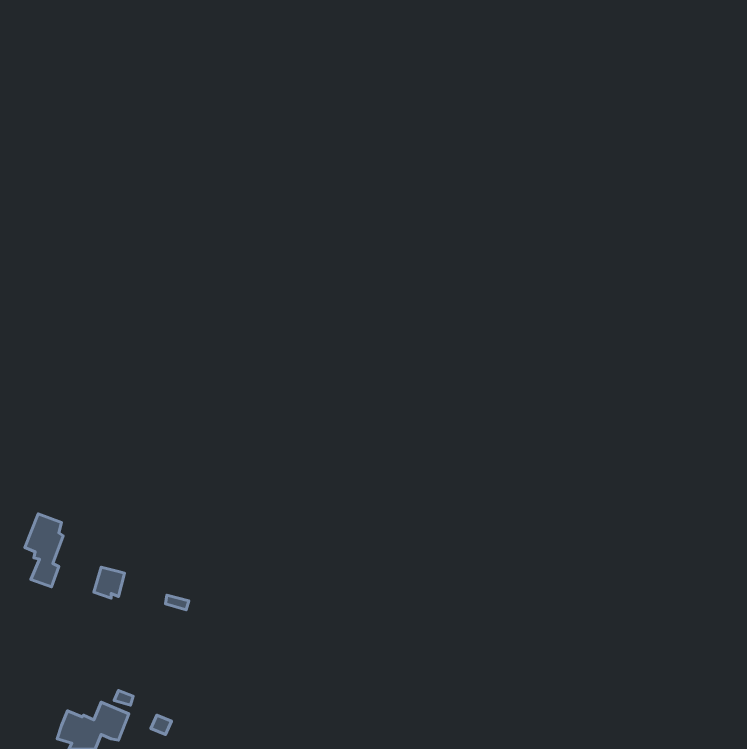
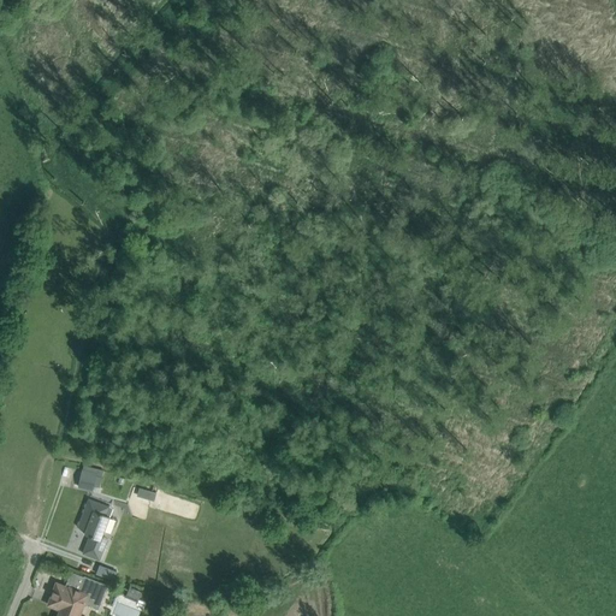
building: [25,514,63,587] -> [77,499,108,559]

